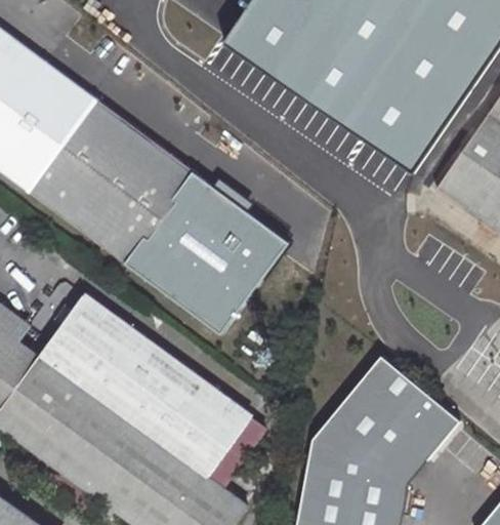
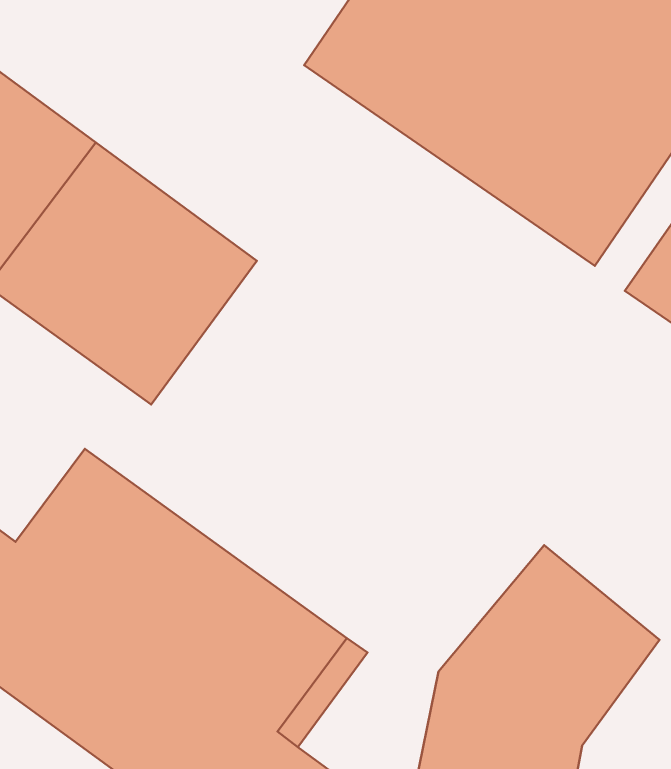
building: [127,171,289,334] -> none

